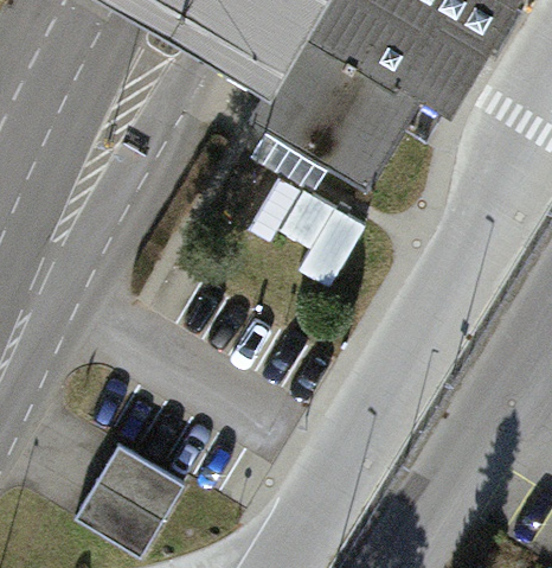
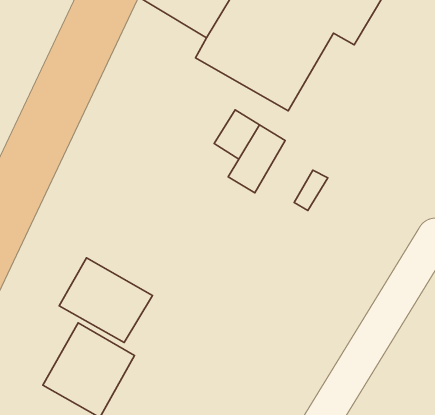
building: none -> [59,258,152,343]

